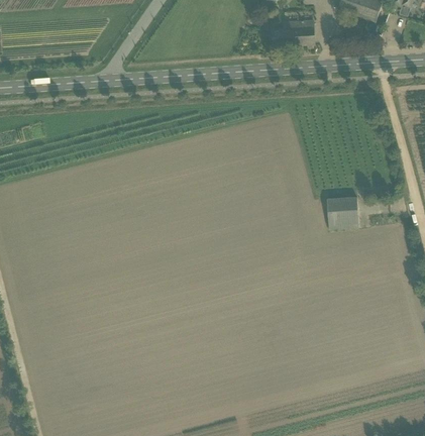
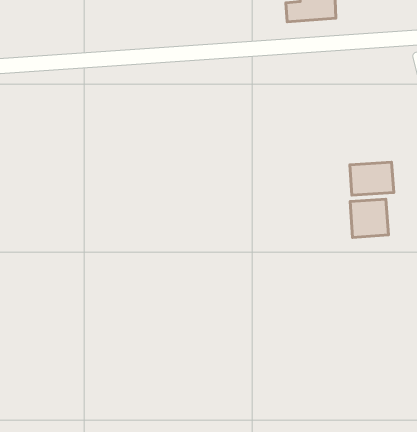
building: none -> [350,162,394,195]

